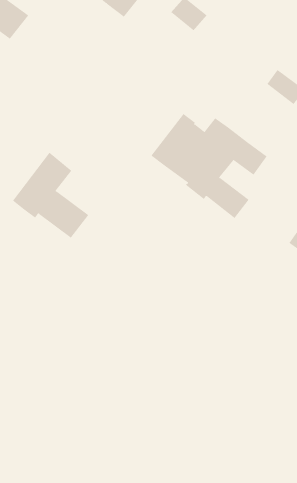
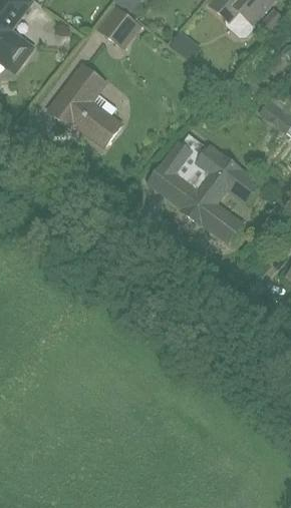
building: [12,152,89,238] -> [48,64,121,146]

